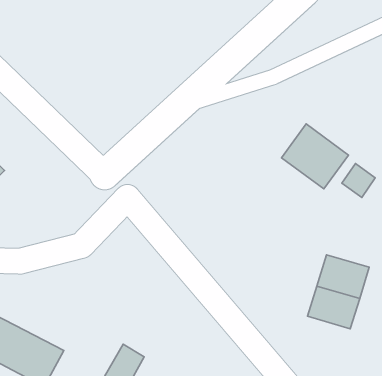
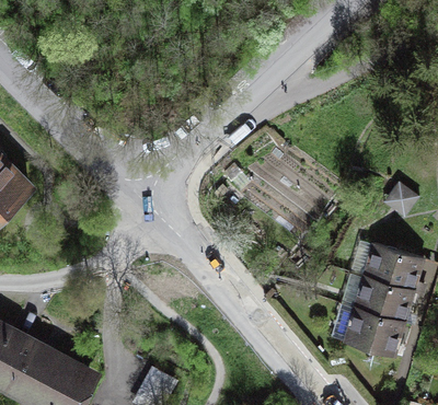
building: [282,124,349,189] -> none
building: none -> [368,244,422,289]

